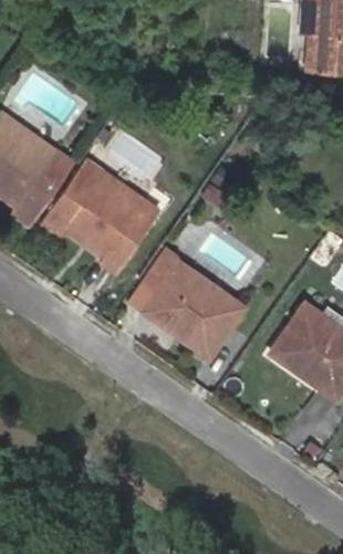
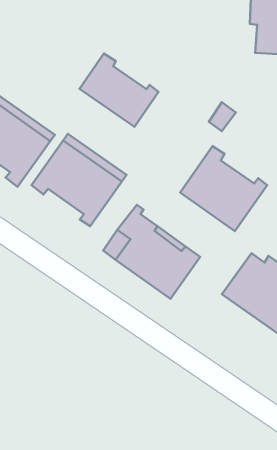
building: none -> [80,53,159,127]
building: none -> [180,146,267,231]

